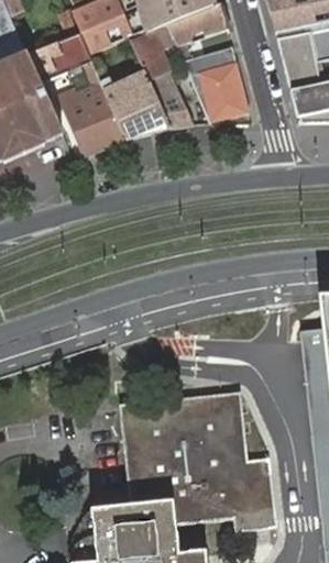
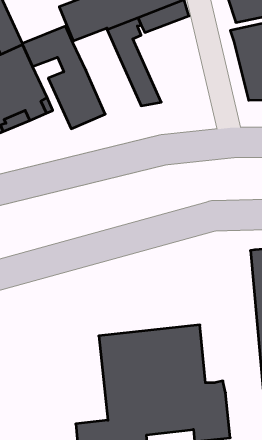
building: [177,36,250,121] -> none
building: [105,69,171,139] -> none

